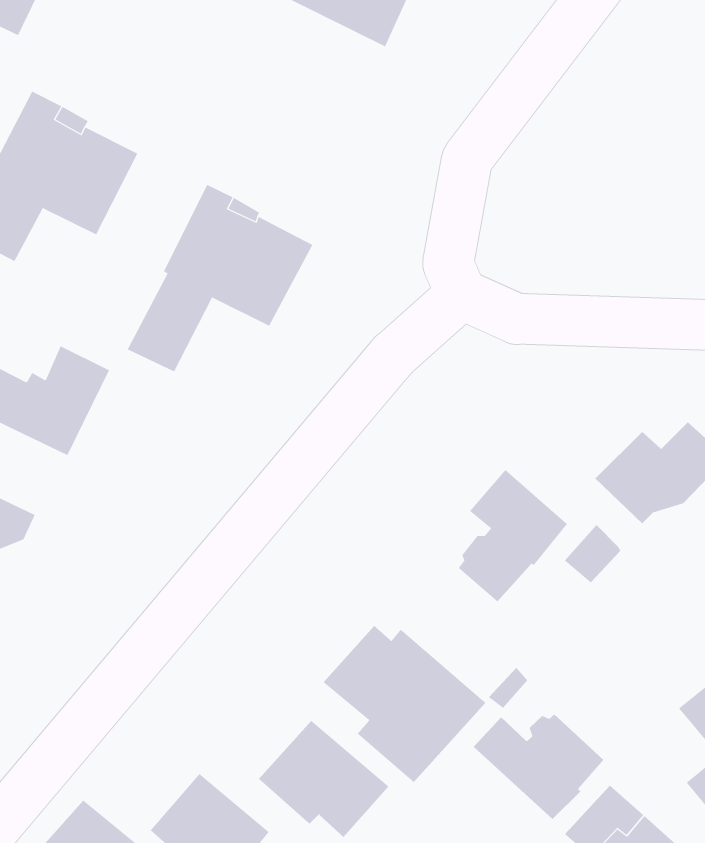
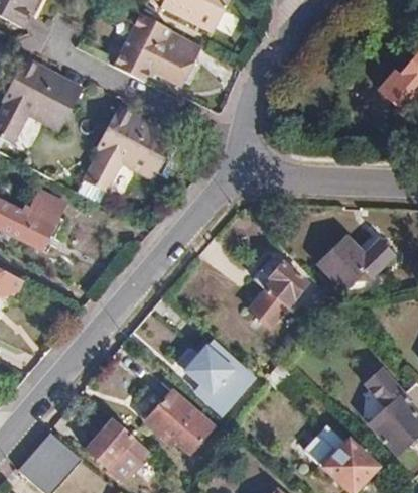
building: none -> [112,15,199,87]
building: [473,713,604,820] -> none

